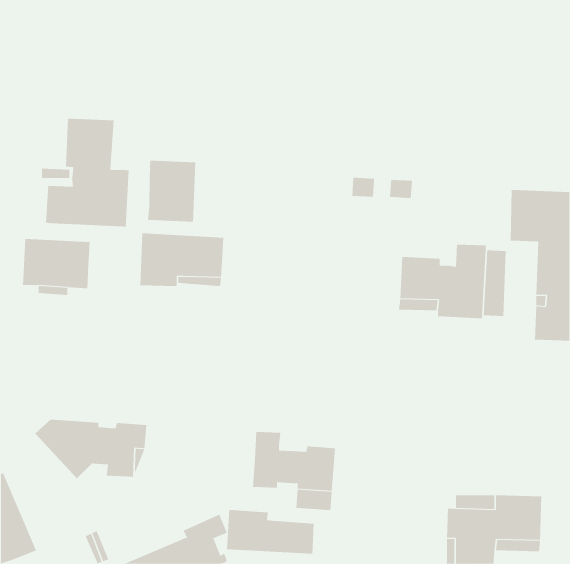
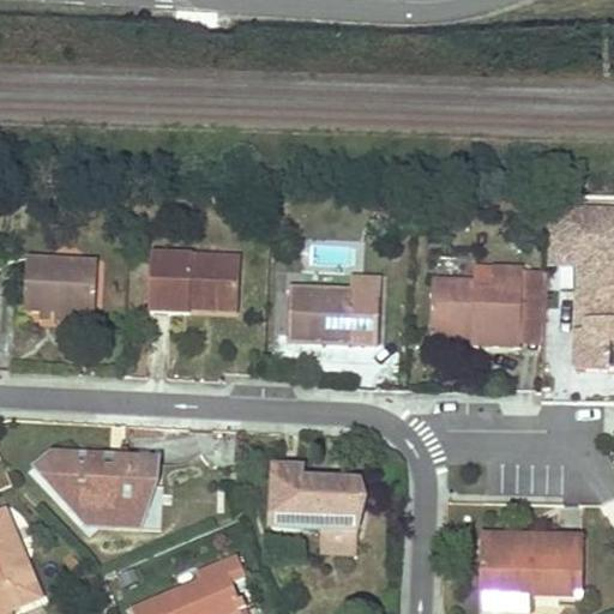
building: [45,118,129,228] -> none
building: [147,160,196,222] -> none
building: none -> [289,275,380,338]
building: [227,509,314,554] -> none

